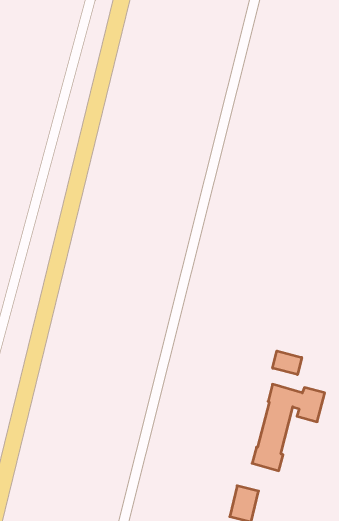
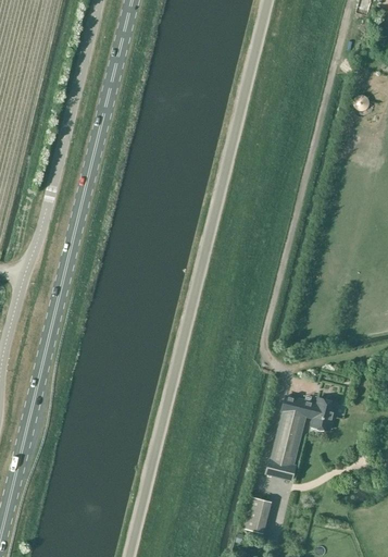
building: [273,351,302,375] -> none

